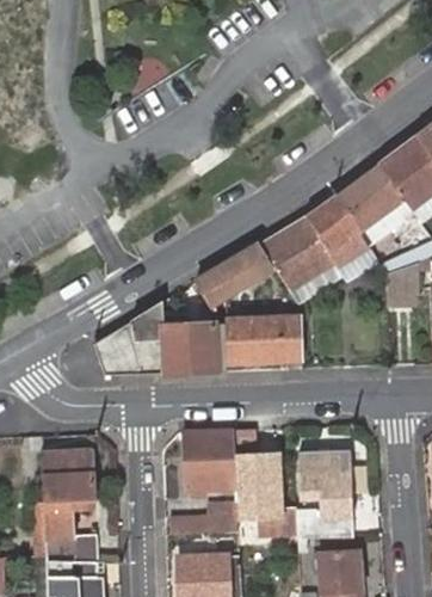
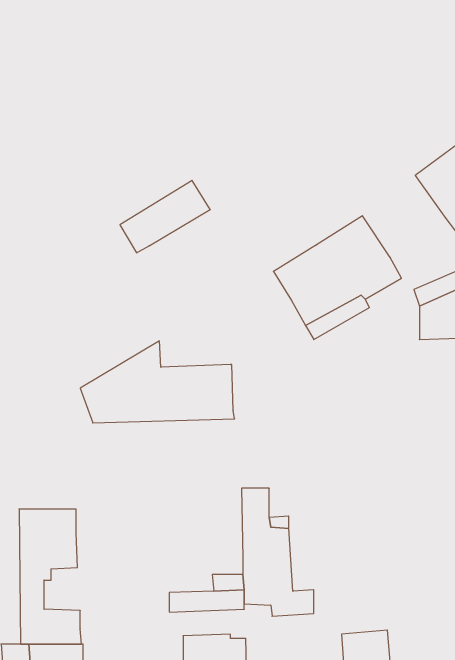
building: [337,161,408,232] -> none
building: [198,244,276,306] -> [120,180,210,253]
building: [224,318,301,363] -> none
building: [181,430,234,491] -> none
building: [295,448,353,537] -> none

